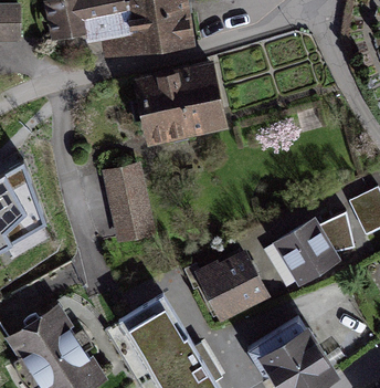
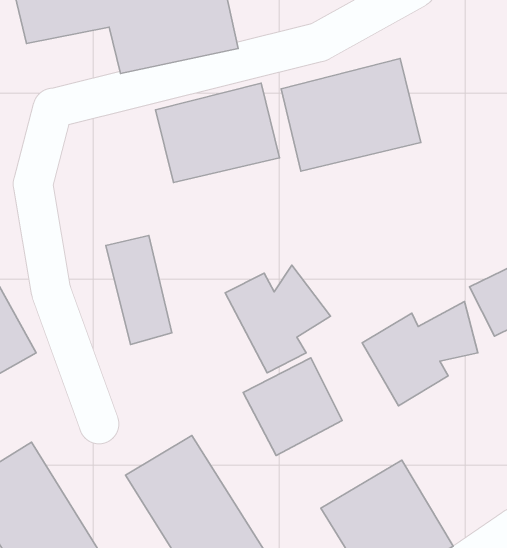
building: none -> [281,59,421,171]
building: none -> [225,265,331,373]

